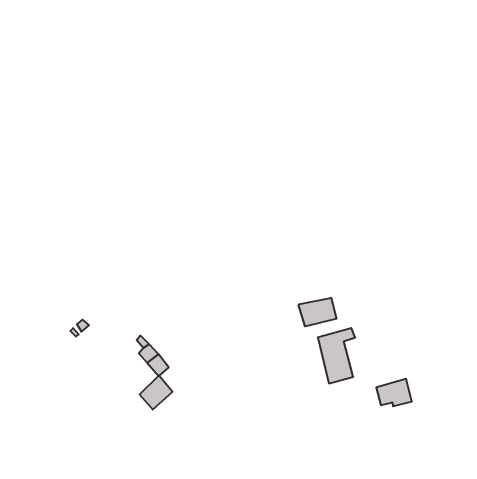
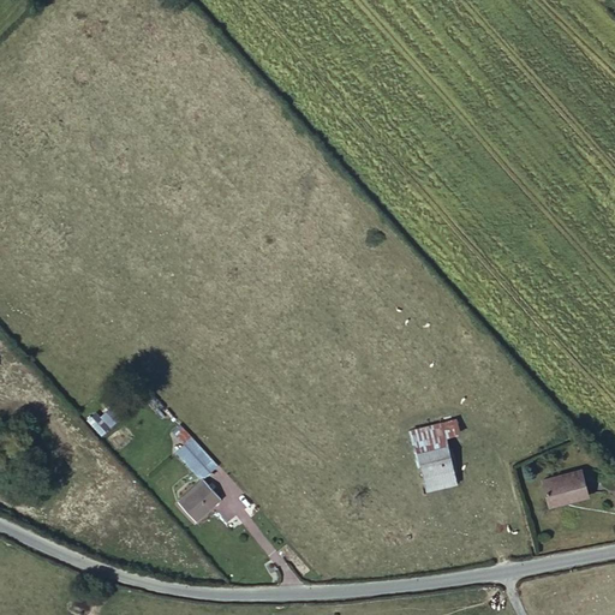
building: [299,298,337,326] -> none
building: [376,379,412,406] -> [544,468,590,503]

